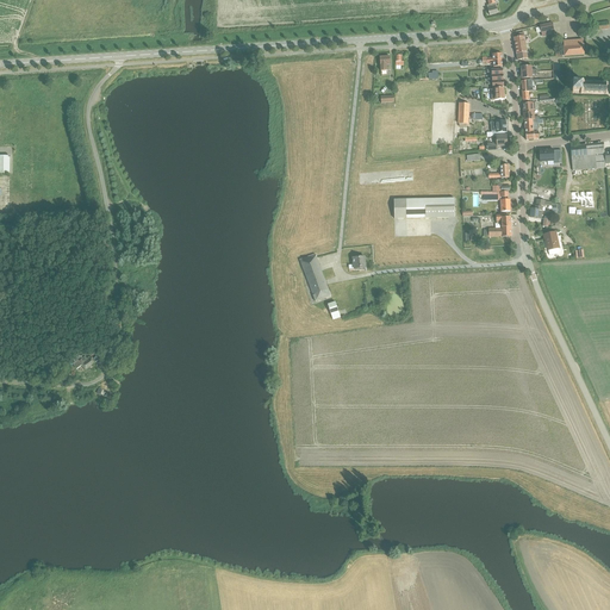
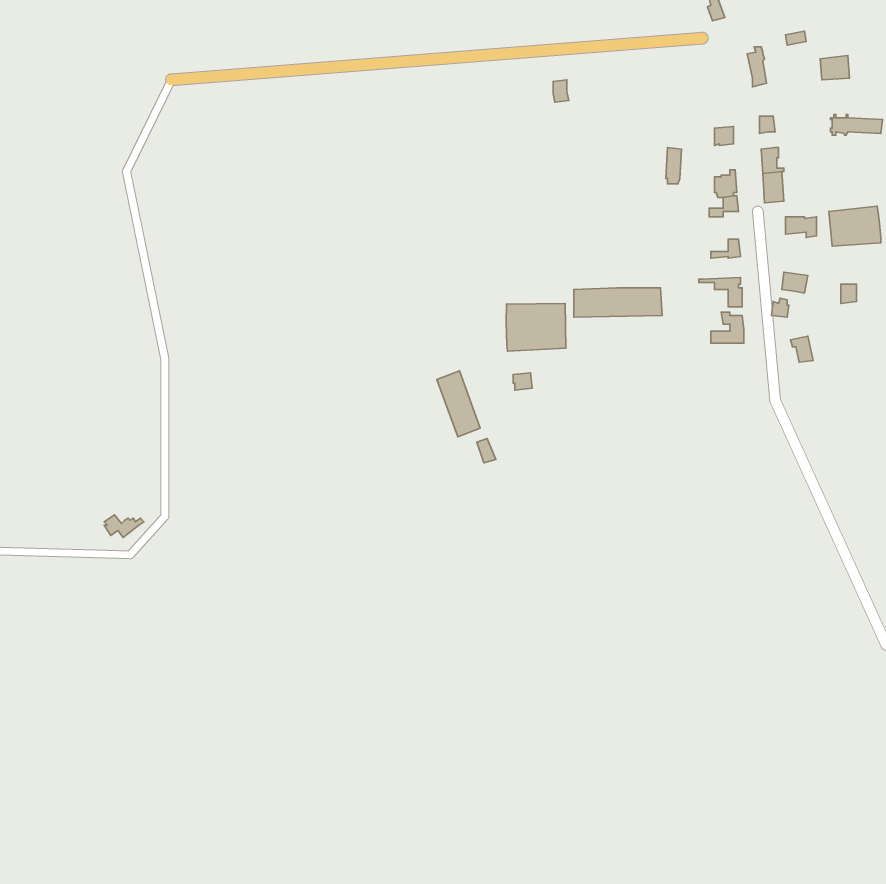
building: none -> [506,303,566,351]

